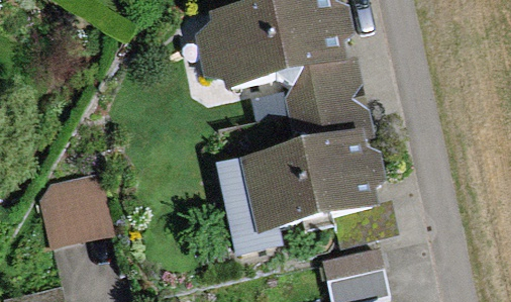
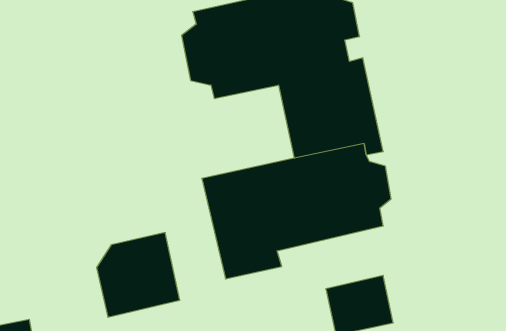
building: [37,173,112,248] -> [97,233,180,317]

